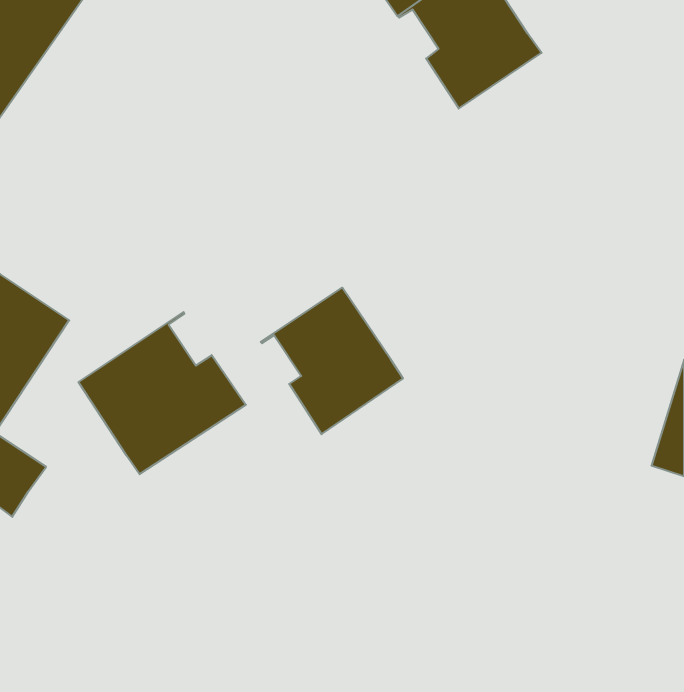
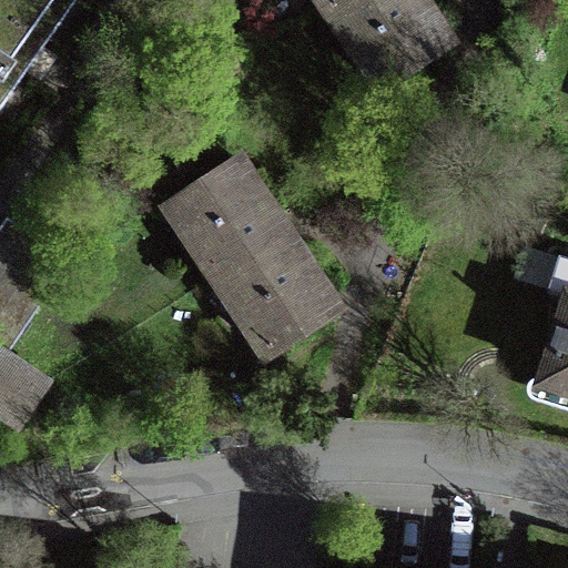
building: none -> [162,160,280,280]
building: [79,312,246,474] -> none

